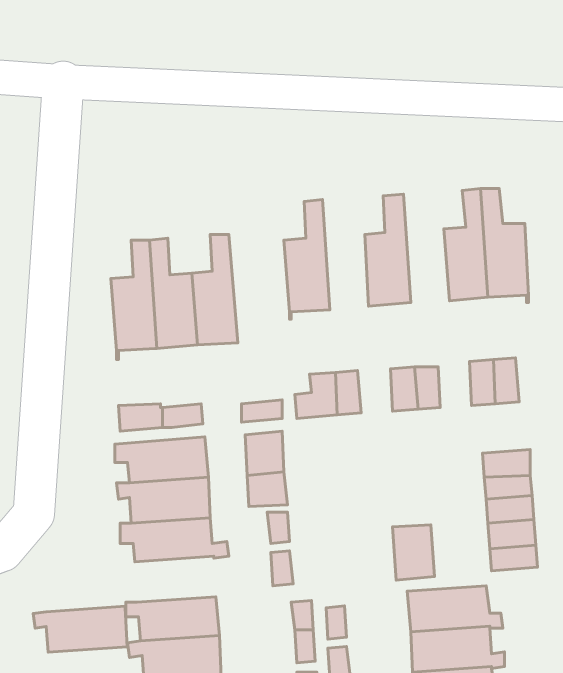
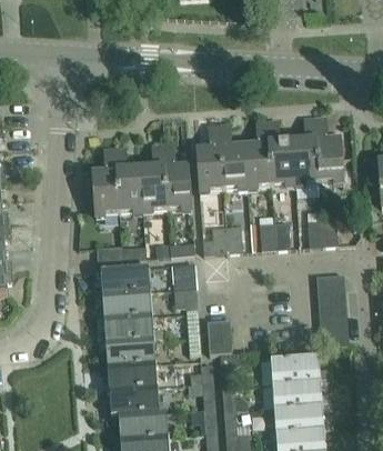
building: none -> [268,119,295,184]
building: none -> [219,122,246,189]
building: none -> [162,142,192,212]
building: [392,525,435,580] -> [206,321,232,354]
building: [33,606,127,652] -> [98,338,154,365]

